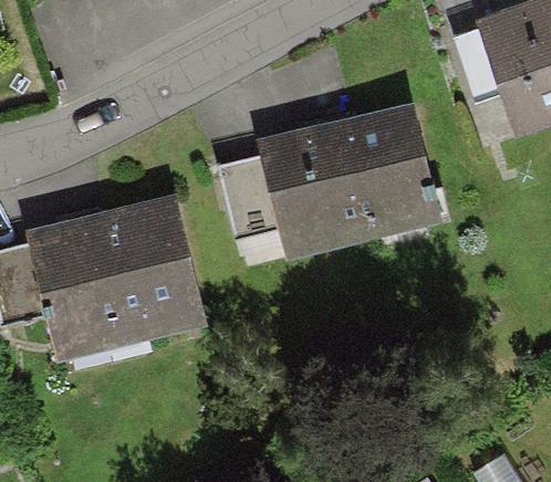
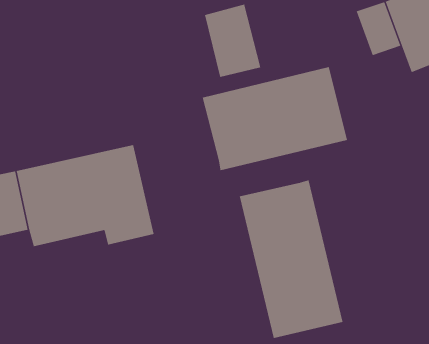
building: [211,147,281,237] -> [204,4,261,77]
building: none -> [239,179,343,339]

